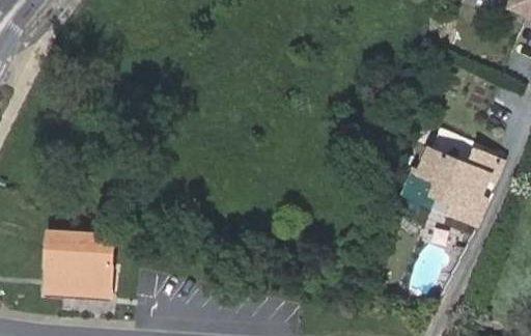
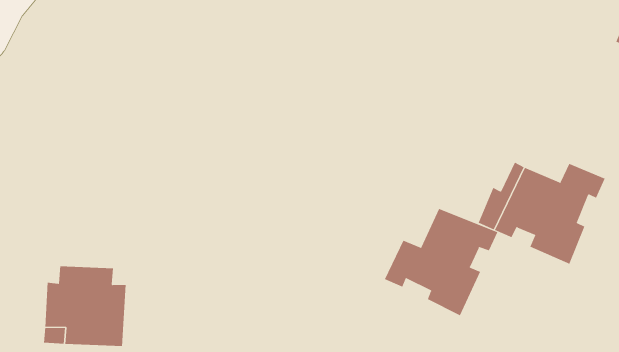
building: none -> [384,208,498,316]

